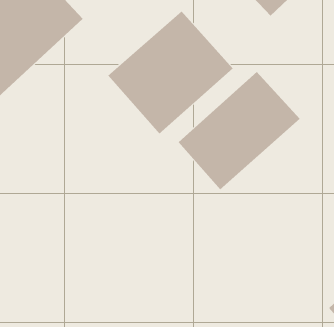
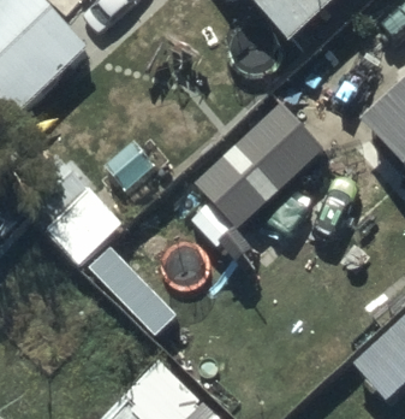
building: [107,10,234,135] -> none

